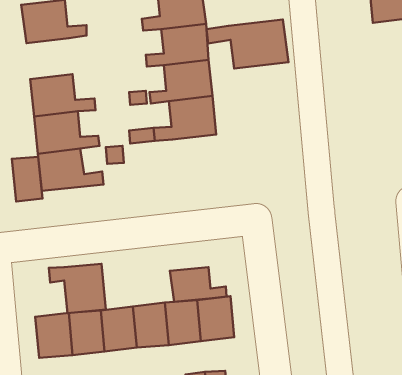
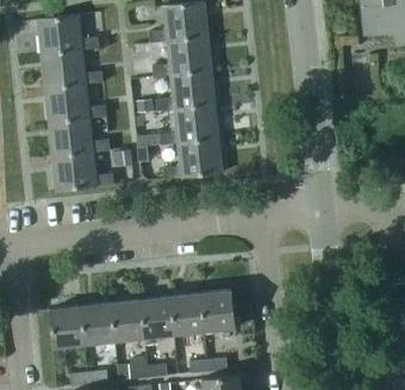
building: [206,20,288,68] -> none
building: none -> [42,50,101,88]
building: none -> [163,140,222,180]
building: [12,157,42,202] -> none
building: [49,264,106,313] -> none
building: [170,267,227,302] -> none

